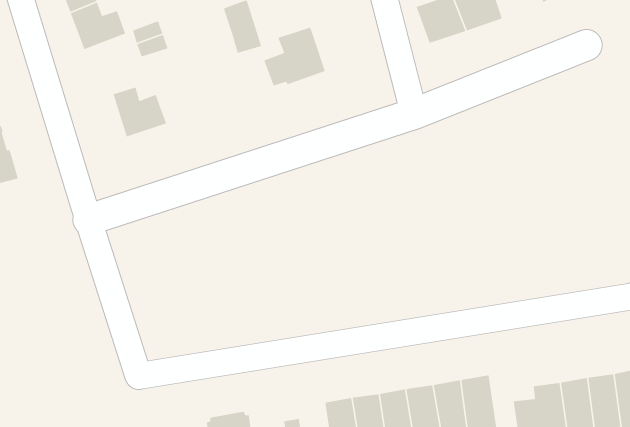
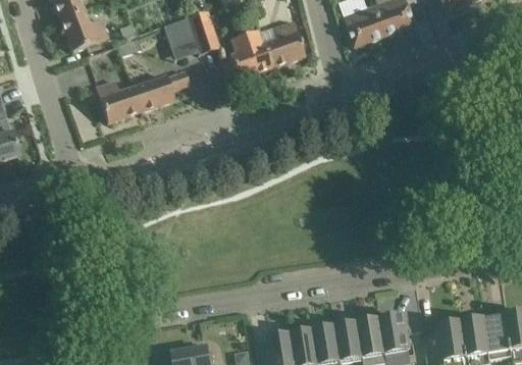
building: none -> [164,17,194,47]
building: none -> [262,20,304,67]
building: none -> [132,70,189,110]

